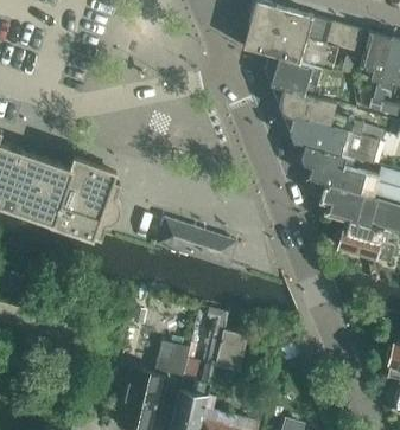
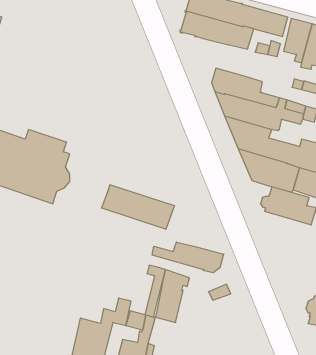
building: [265,56,322,98] -> none
building: none -> [152,242,224,273]

